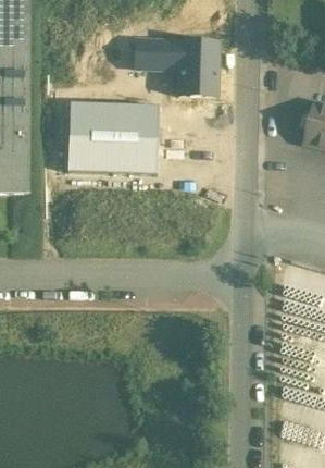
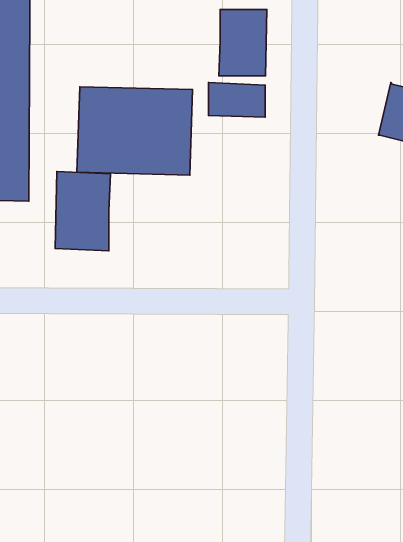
building: [135,39,179,66] -> [209,83,265,117]
building: none -> [55,171,111,251]

